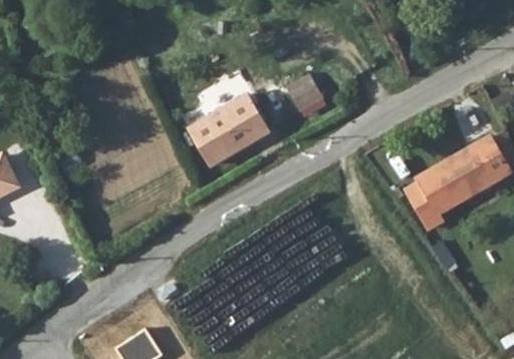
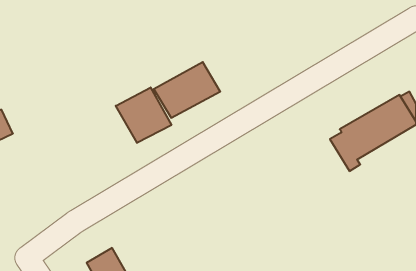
building: [287,74,325,112] -> none
building: none -> [116,87,171,143]

